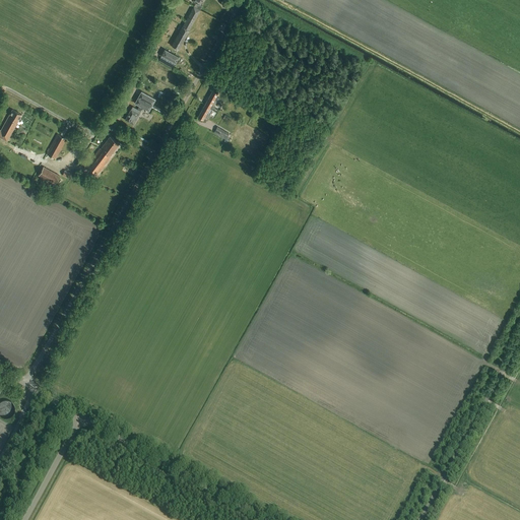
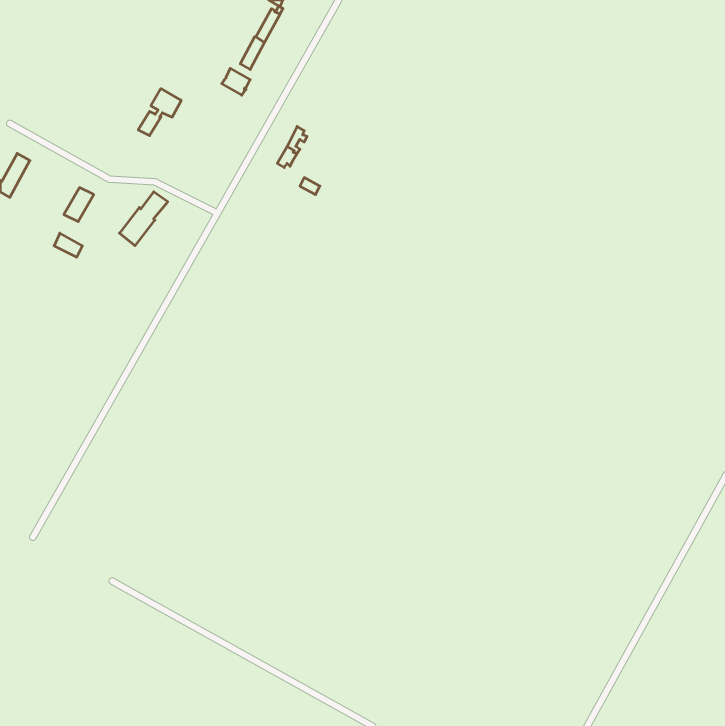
building: [126,90,156,124] -> [138,89,181,136]

